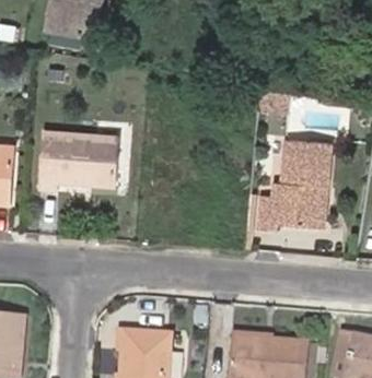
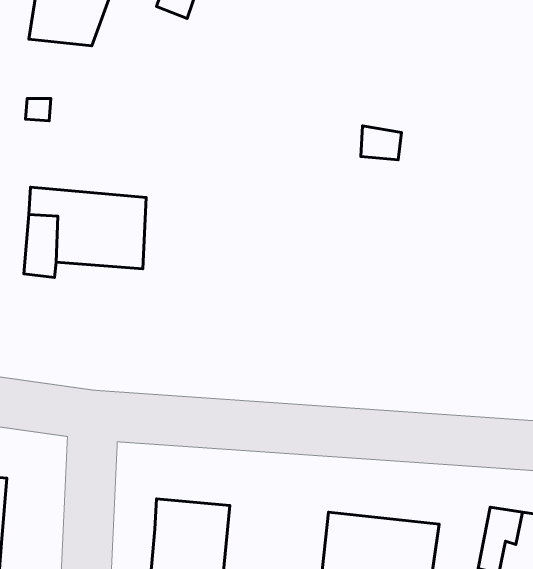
building: [257,138,328,231] -> none

